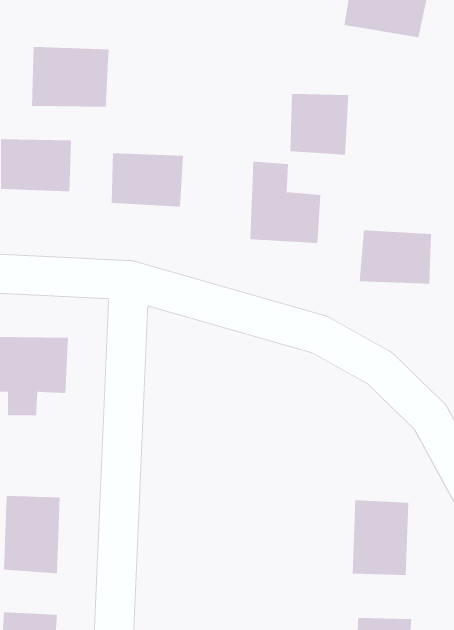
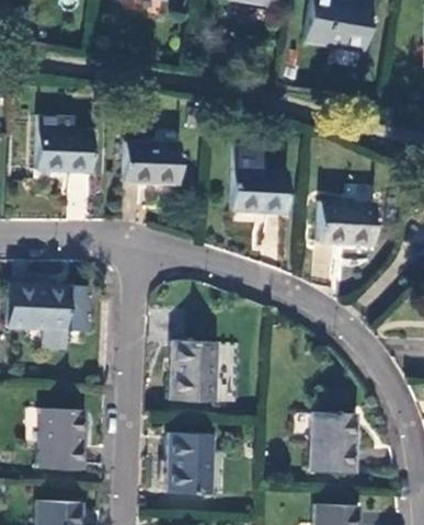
building: [32,46,109,107] -> none
building: [290,93,349,156] -> none
building: none -> [171,341,218,402]
building: none -> [168,434,214,494]

